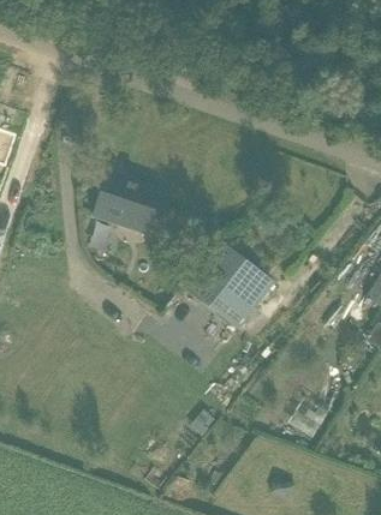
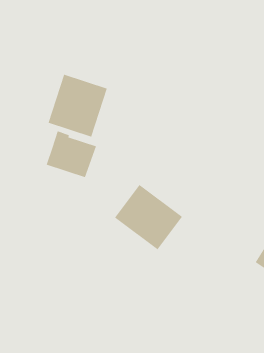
building: none -> [48,74,107,137]

